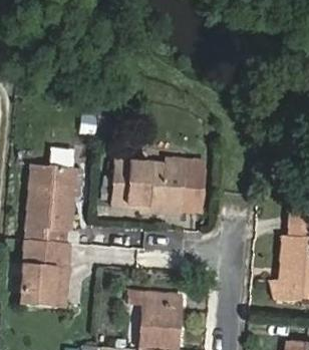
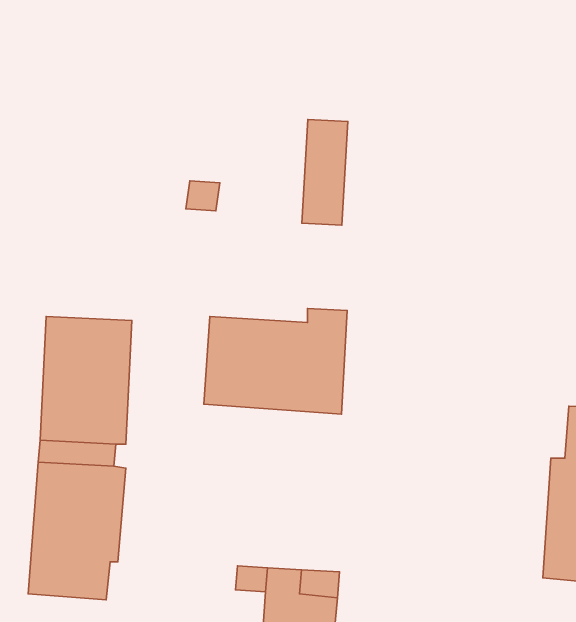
building: [180,163,203,217] -> [302,119,348,225]

